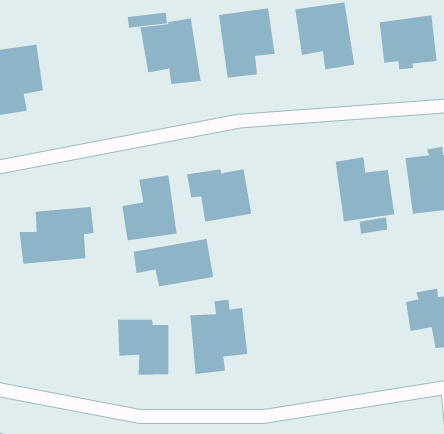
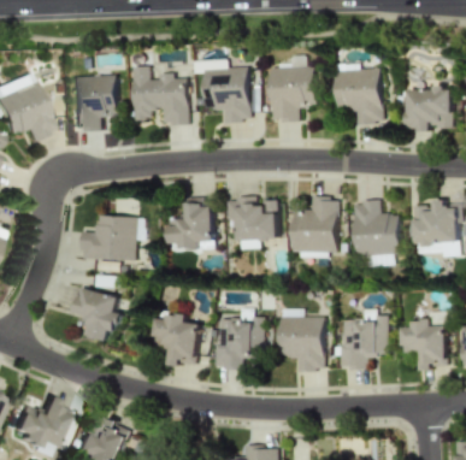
building: none -> [132,66,189,125]
building: none -> [294,197,340,252]
building: [133,238,214,287] -> none
building: none -> [341,309,388,368]
building: none -> [71,287,122,341]
building: none -> [281,317,325,371]

